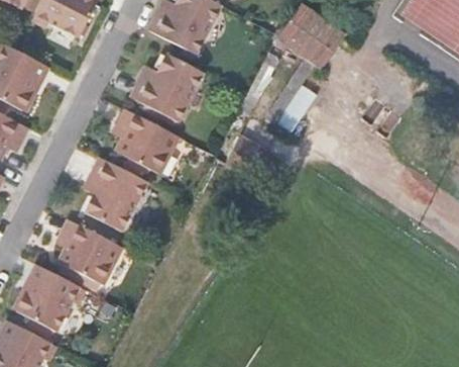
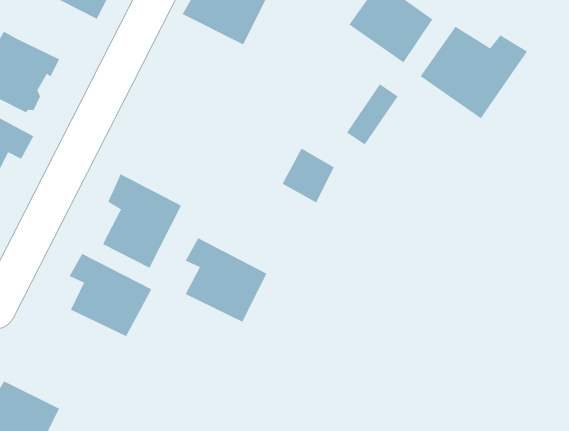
building: none -> [420,26,528,119]
building: [130,53,204,123] -> none
building: [114,108,179,175] -> [185,238,267,322]
building: [14,263,79,331] -> none

